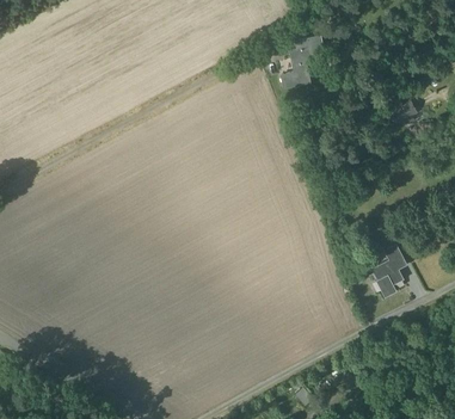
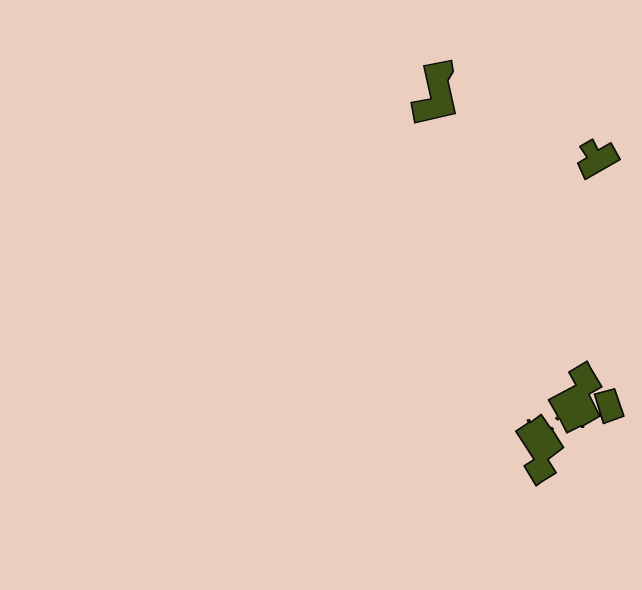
building: none -> [516,415,564,486]

